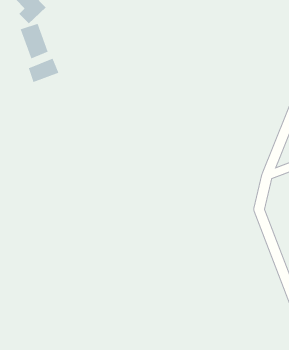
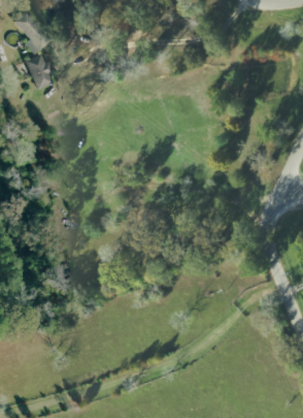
building: [28,58,59,83] -> none

